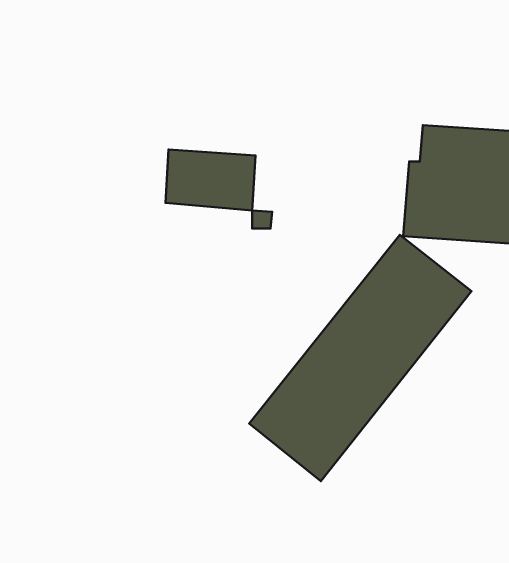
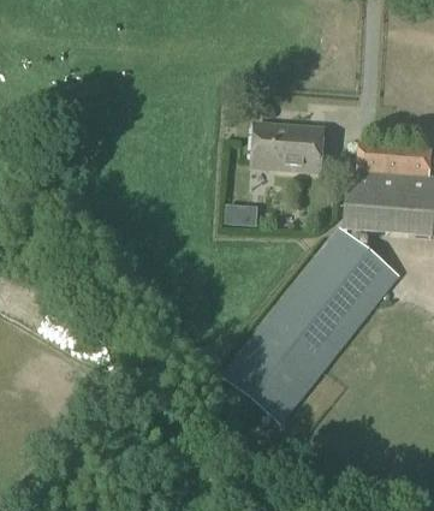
building: [166,149,255,210] -> [252,123,323,171]

